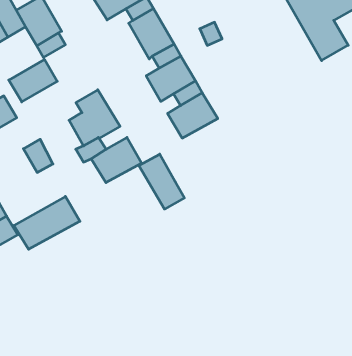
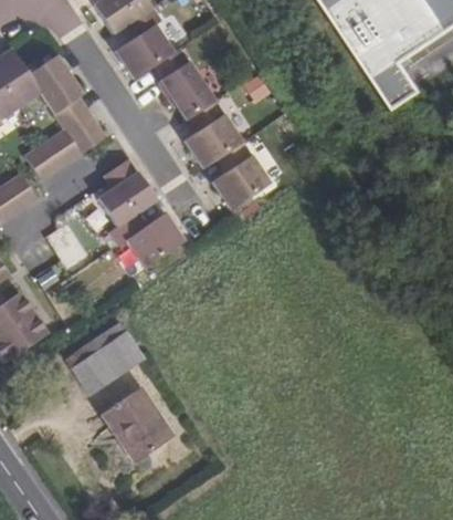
building: none -> [63,108,105,152]
building: [139,154,184,209] -> none
building: [14,196,80,249] -> [69,329,145,393]
building: none -> [98,386,173,460]

